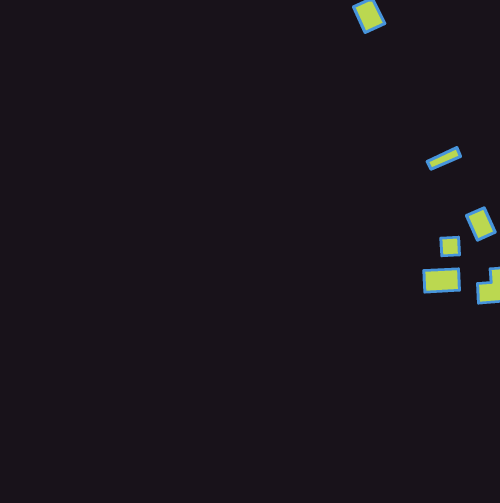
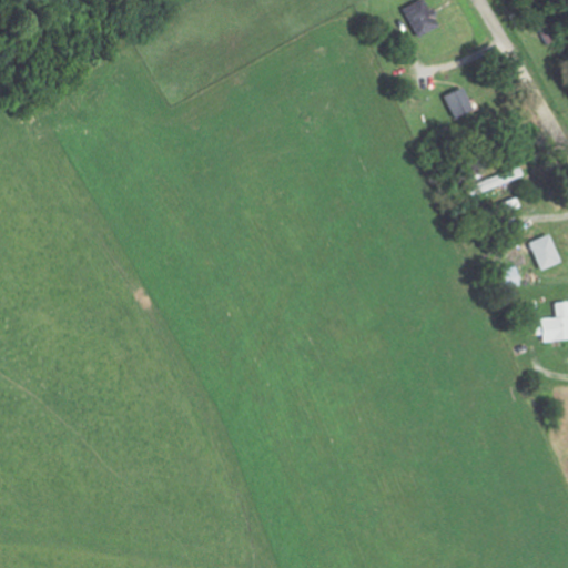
building: none -> [443,87,473,119]
building: [424,269,460,292] -> none

